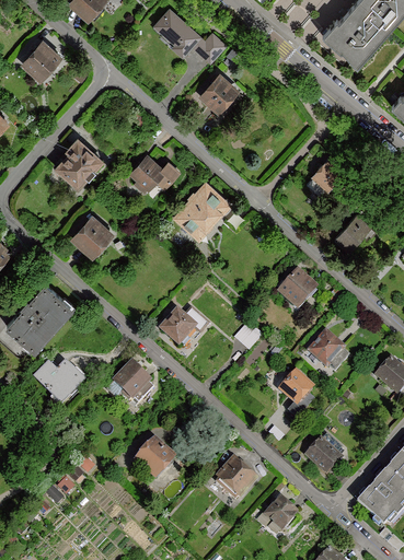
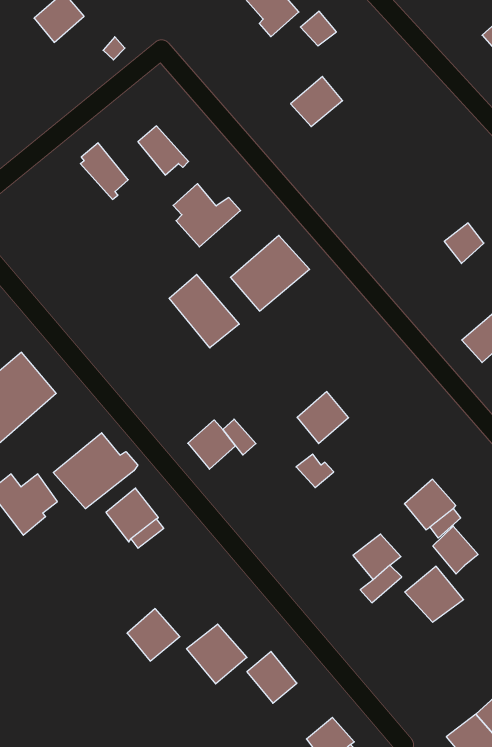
building: [57,154,92,186] -> [138,126,189,175]
building: [76,217,108,252] -> none
building: none -> [169,274,239,348]
building: [280,271,314,306] -> [297,392,349,444]
building: none -> [53,433,138,509]
building: none -> [433,526,478,574]
building: [308,435,347,472] -> [405,566,464,622]
building: none -> [187,624,247,684]

